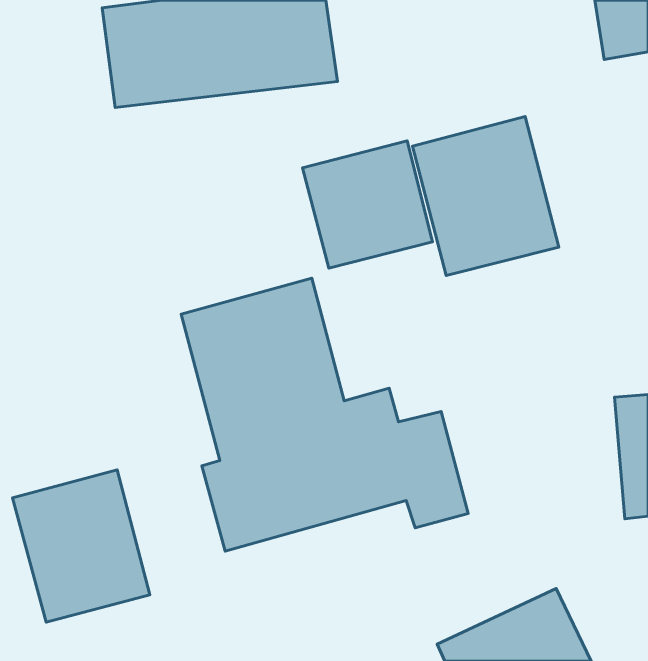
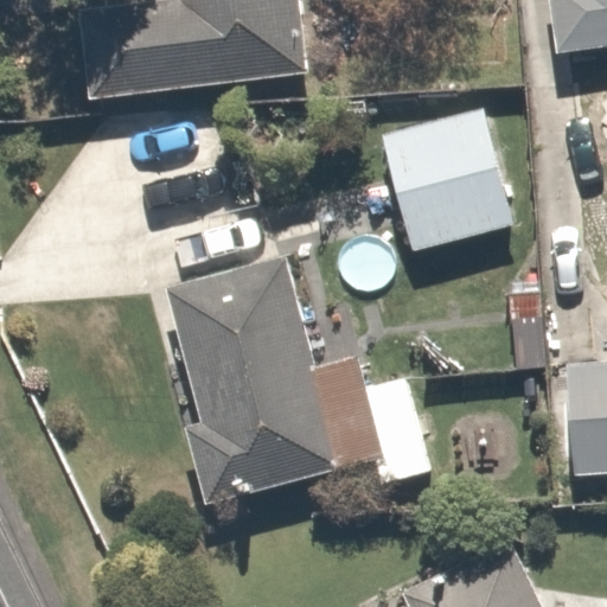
building: [303,141,433,268] -> none
building: [13,470,150,622] -> none

